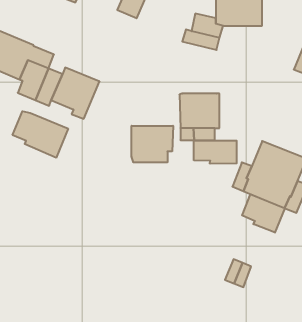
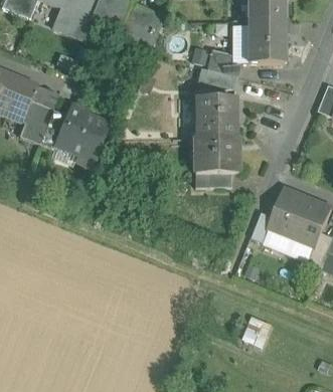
building: none -> [198,96,235,136]
building: [13,111,68,158] -> none
building: [132,126,173,162] -> none
building: [194,141,237,164] -> none
building: [242,194,285,233] -> none

